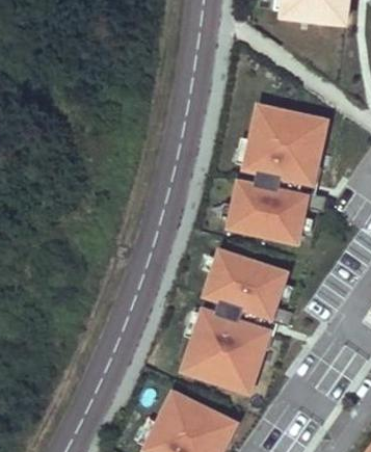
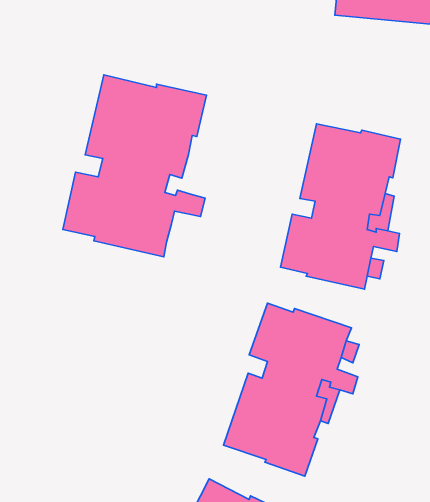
building: none -> [63,75,206,257]

